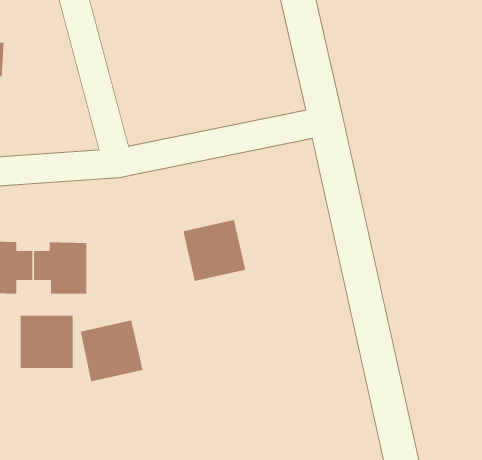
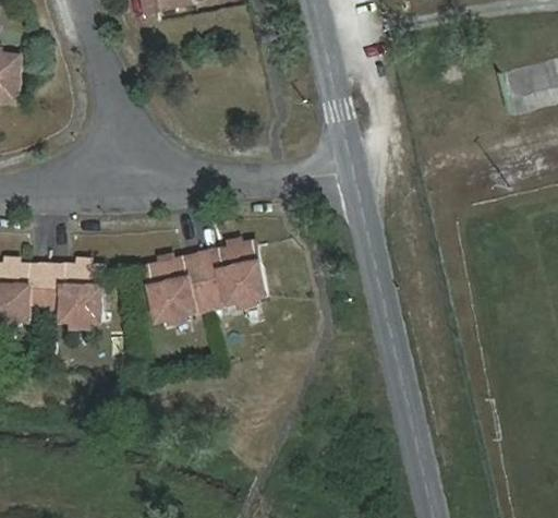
building: [20,315,73,369] -> none
building: [80,319,143,382] -> [145,255,210,320]

